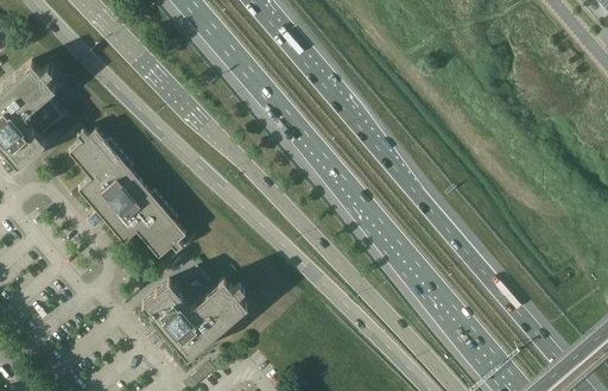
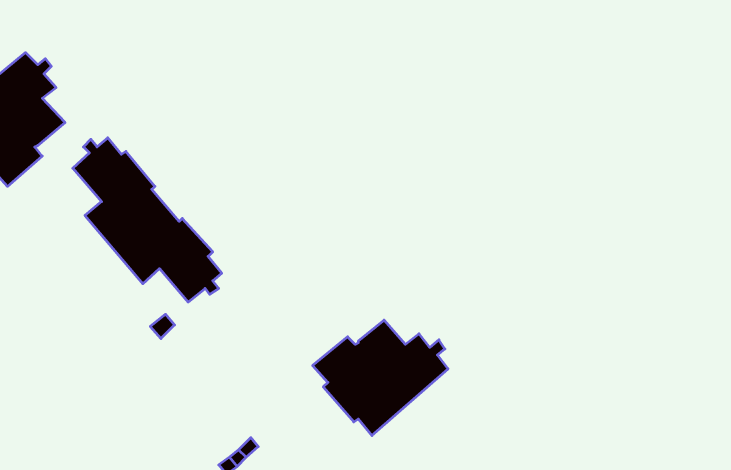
building: [142,265,248,355] -> [313,320,448,436]

